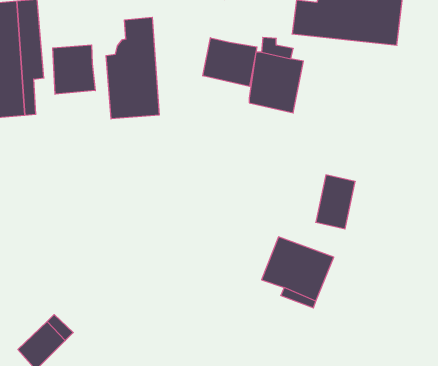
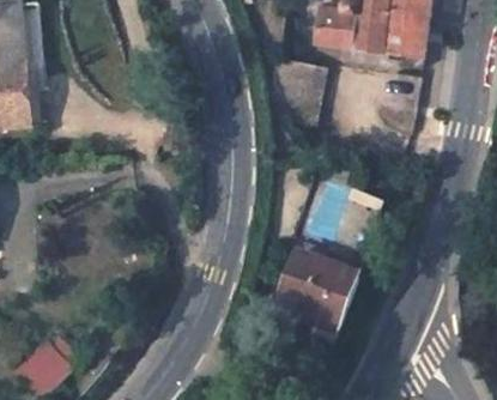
building: [106,17,159,119] -> none
building: [203,38,257,86] -> none
building: [53,45,95,94] -> none

